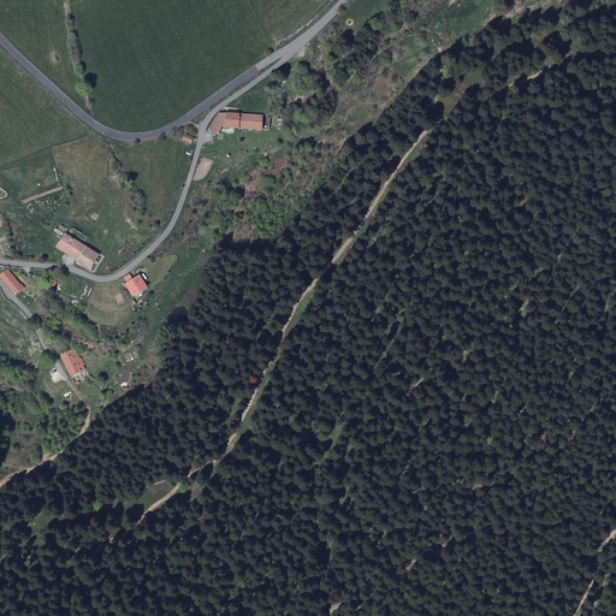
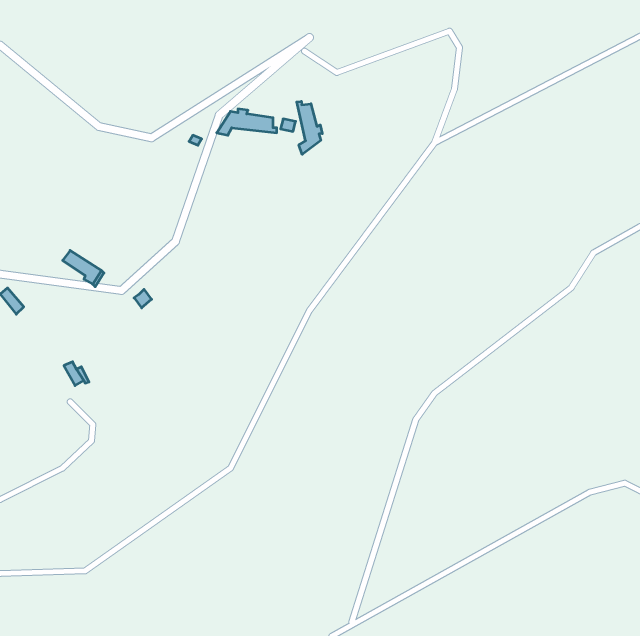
building: none -> [297,101,322,154]

